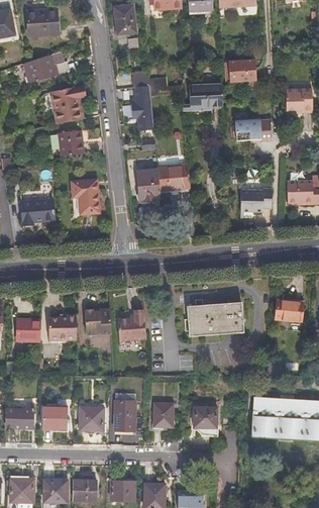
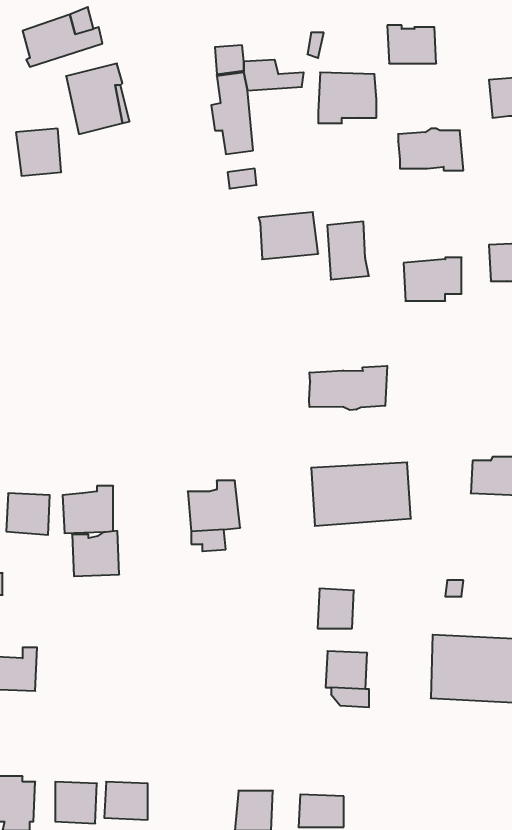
building: [59,123,84,149] -> [16,129,61,176]
building: [138,169,162,201] -> [327,222,369,280]
building: [71,175,98,208] -> none
building: [21,194,54,218] -> none
building: none -> [309,366,387,410]
building: [86,308,112,333] -> [72,531,119,576]
building: [115,401,136,431] -> none
building: [155,405,176,427] -> [318,589,354,628]
building: [43,407,68,430] -> none
building: [81,407,103,430] -> none
building: [111,482,134,501] -> none

